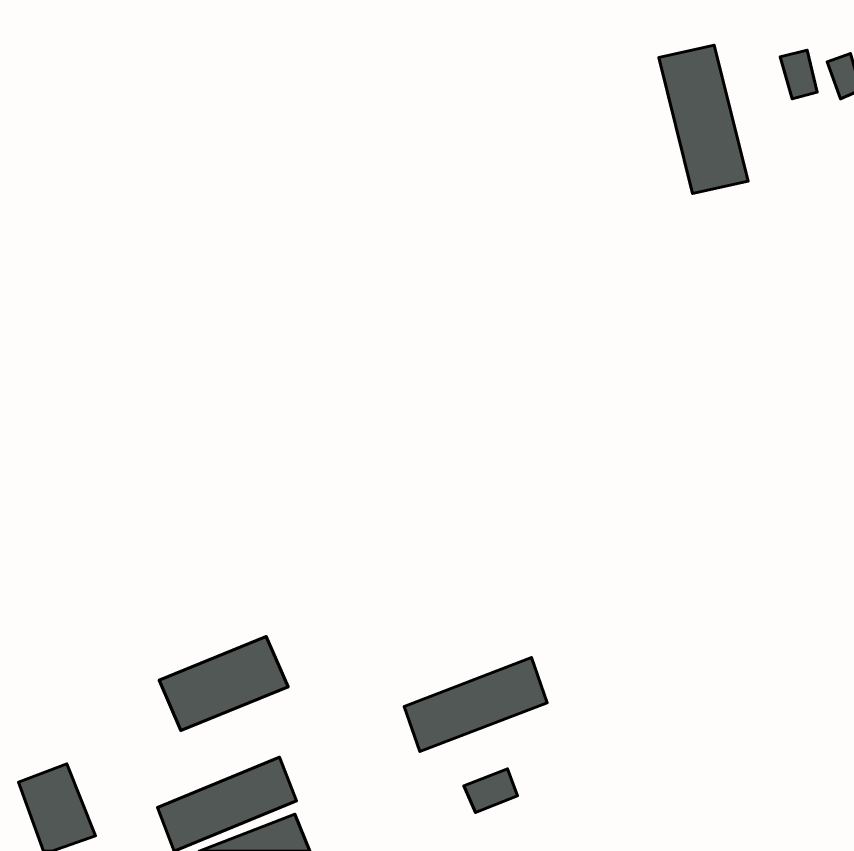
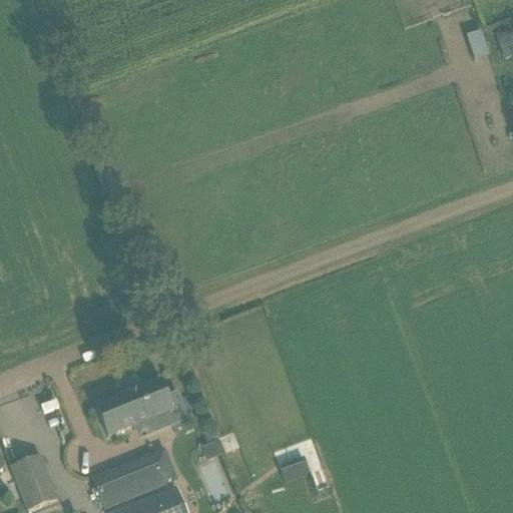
building: [659,45,748,193] -> none
building: [404,658,547,752] -> none

